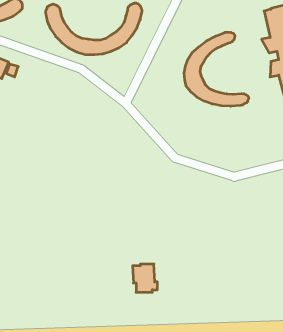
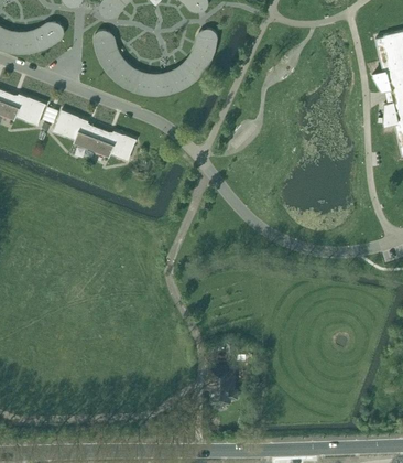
building: [184,32,249,106] -> none
building: none -> [53,110,135,161]

